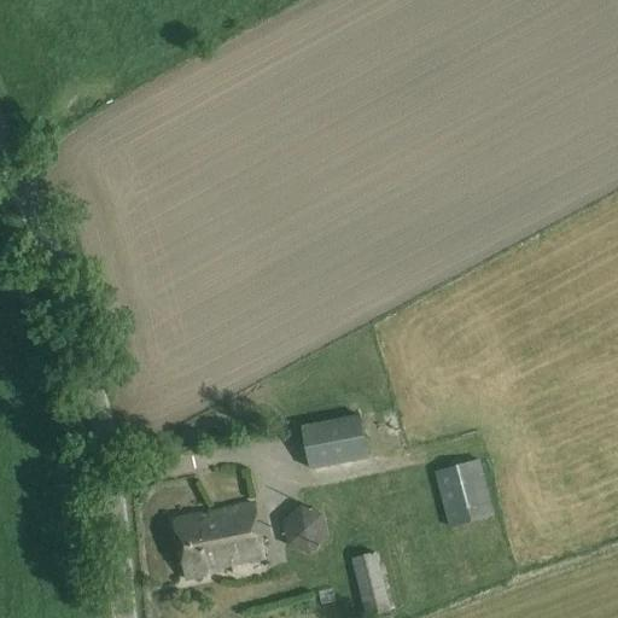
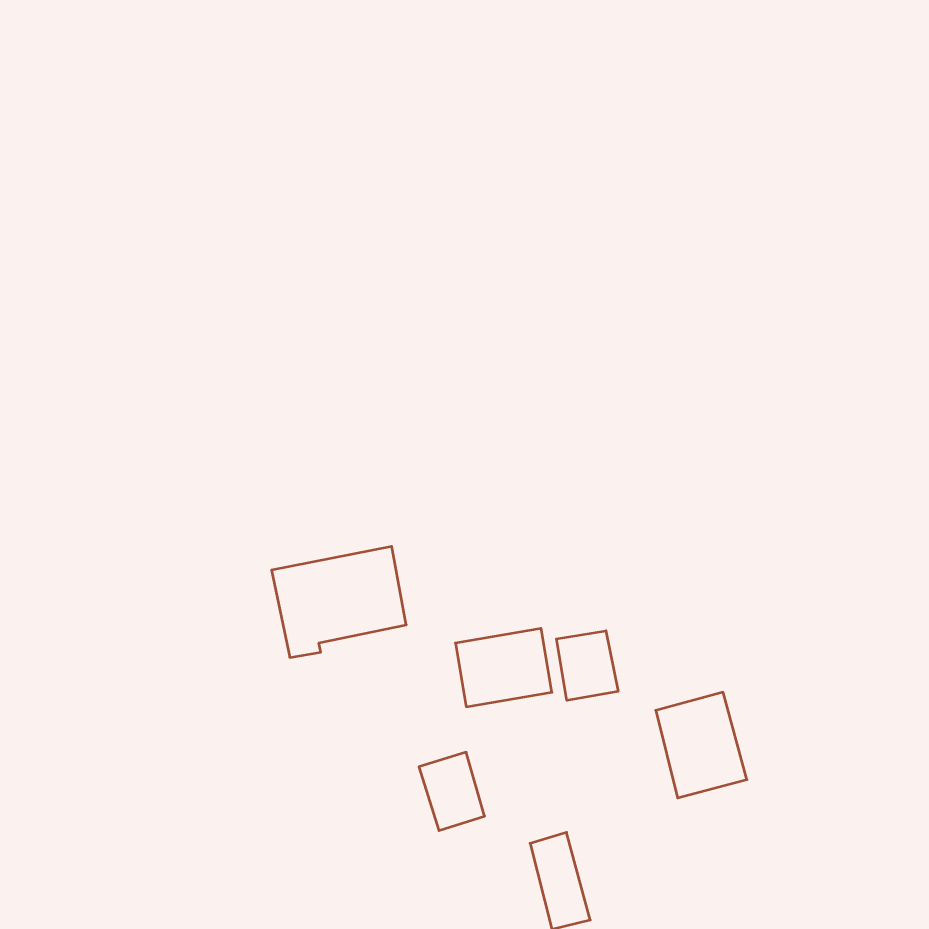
building: none -> [556,631,618,700]
building: [175,503,264,577] -> [272,546,406,657]

